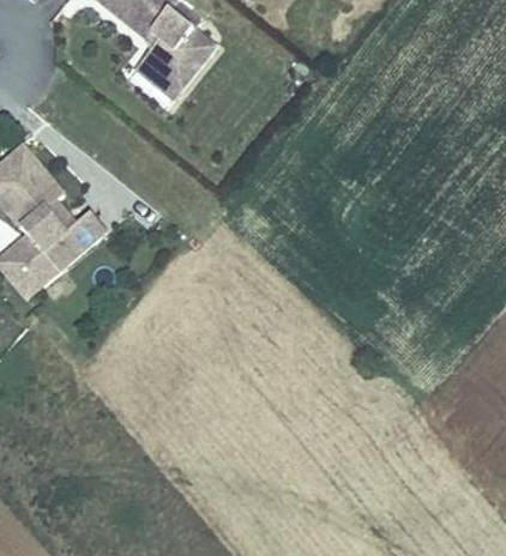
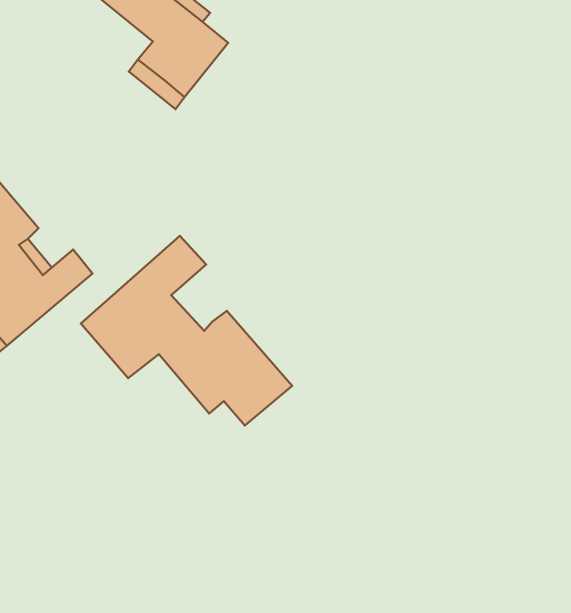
building: none -> [81,236,292,425]

